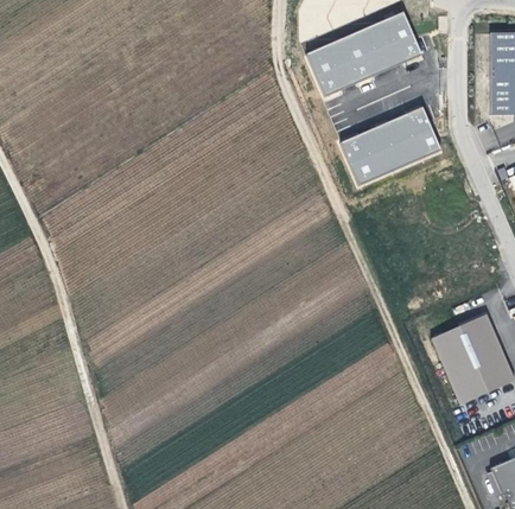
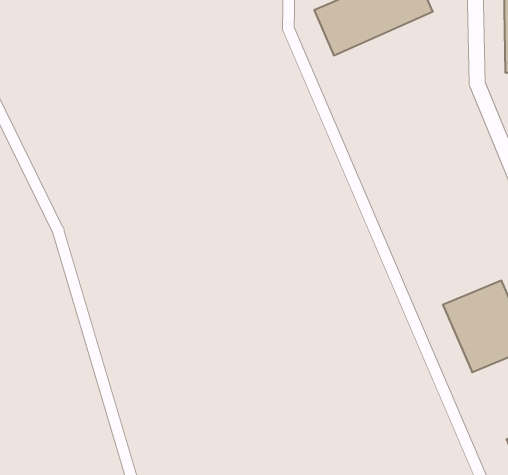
building: [341,106,443,185] -> none

